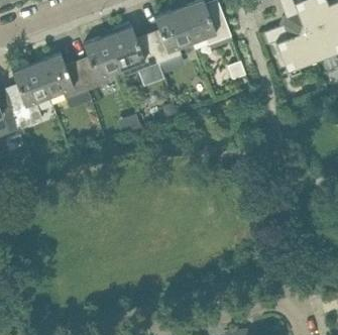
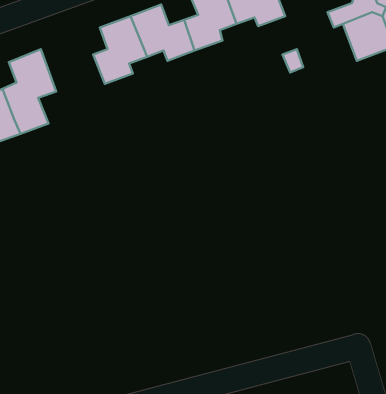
building: [38,53,89,99] -> none

